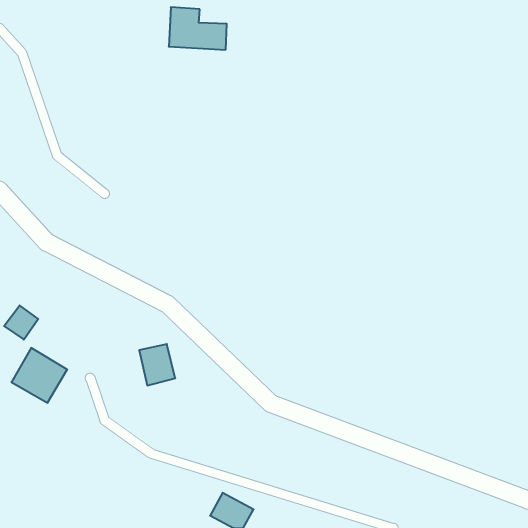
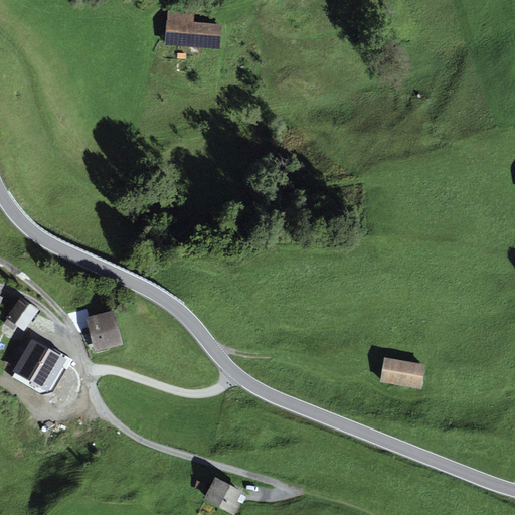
building: [139,344,175,385] -> [88,312,123,352]
building: none -> [382,358,426,387]

